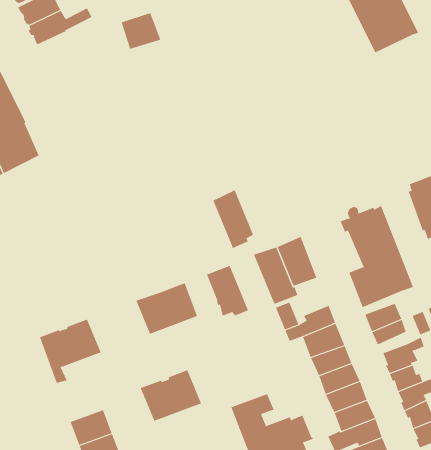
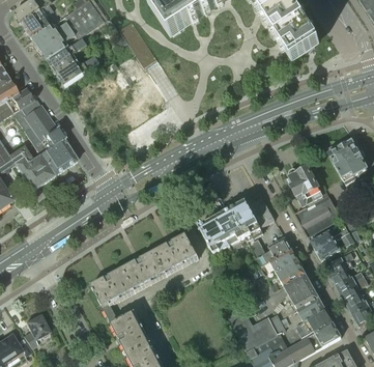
building: [212,190,254,249] -> [214,208,246,249]
building: [140,370,202,422] -> [122,250,166,288]
building: none -> [107,310,141,338]

